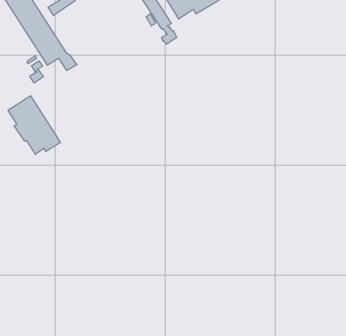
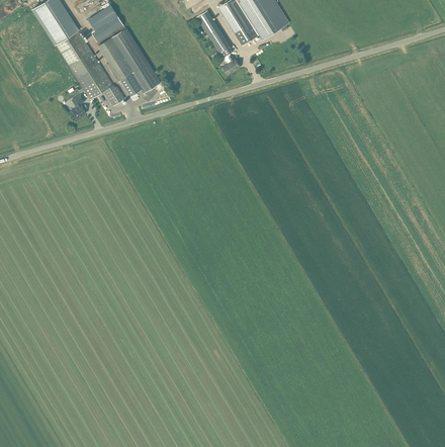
building: [8,96,60,154] -> [99,27,160,95]

